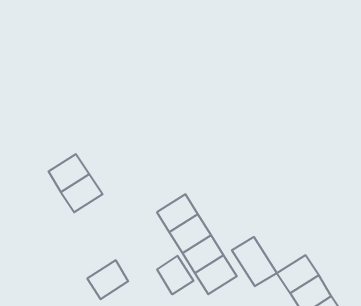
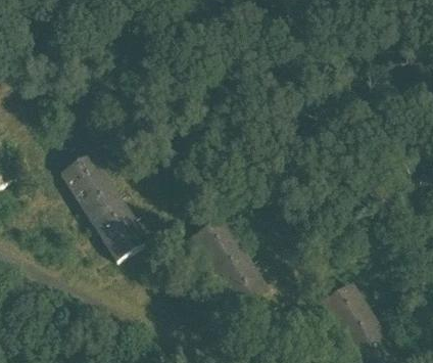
building: none -> [60,150,104,191]
building: [232,237,277,286] -> none
building: [157,256,193,294] -> none
building: [87,260,128,299] -> [102,216,146,258]

